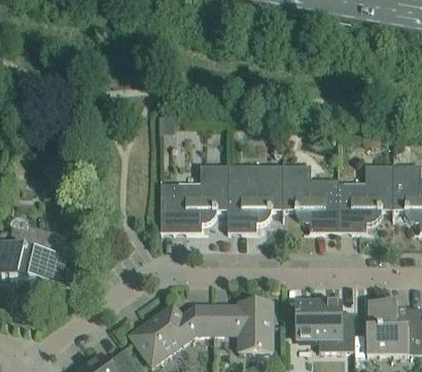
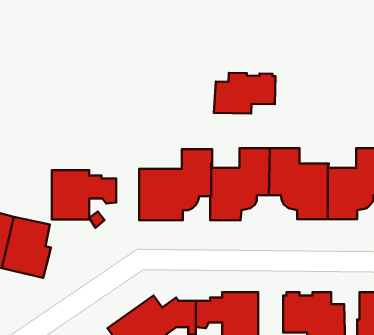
building: none -> [214,73,276,114]
building: none -> [52,170,116,220]

